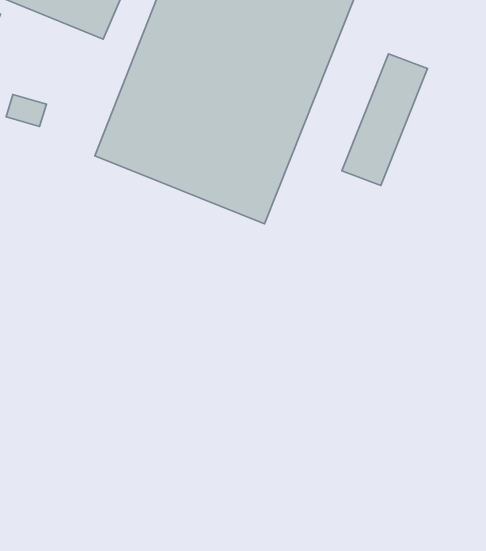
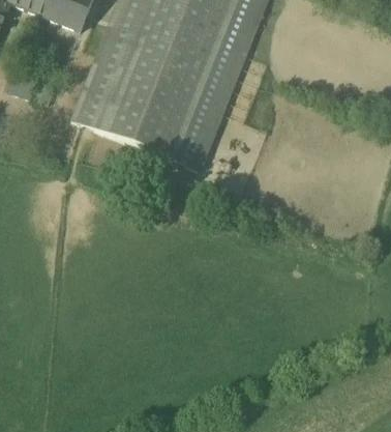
building: [342,54,427,186] -> none

